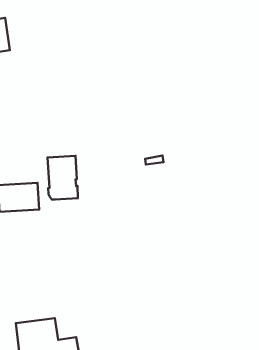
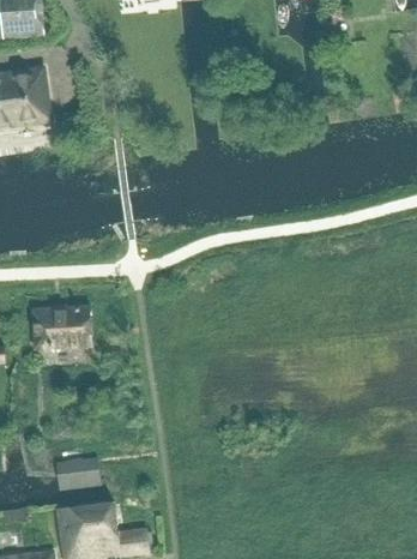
building: [47,156,78,200] -> none
building: none -> [54,456,101,491]

